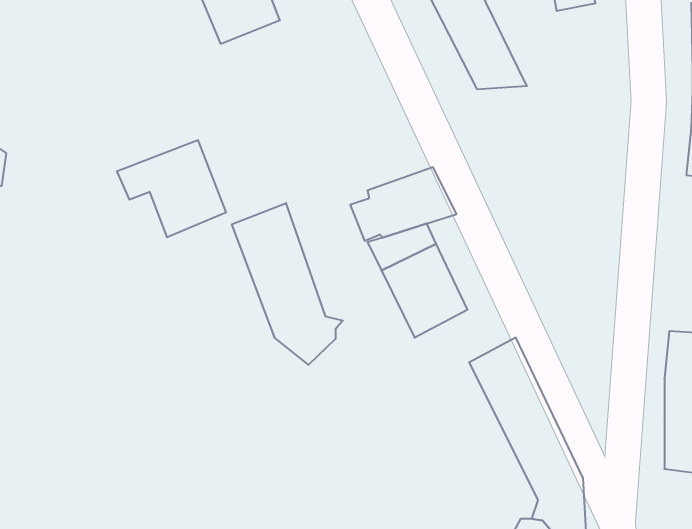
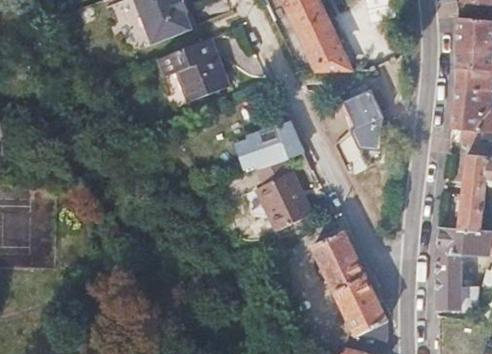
building: none -> [339,89,380,168]
building: [117,140,226,237] -> [159,37,229,99]
building: [232,203,343,365] -> none

